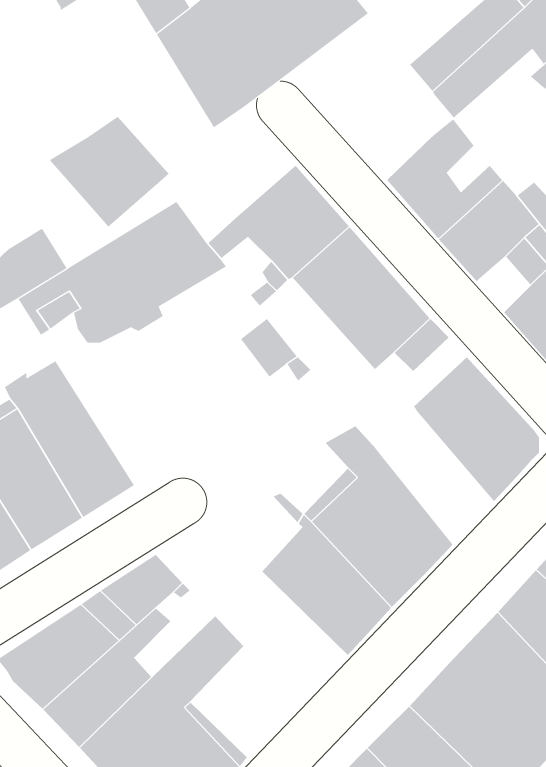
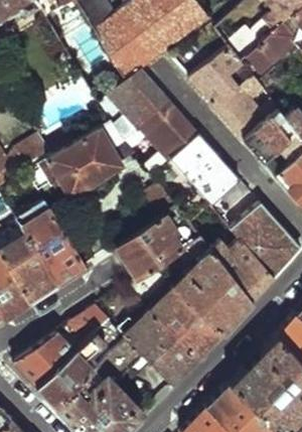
building: none -> [191,49,243,110]
building: [49,116,170,227] -> [107,71,170,130]
building: none -> [118,219,181,279]
building: none -> [212,232,274,301]
building: none -> [120,315,197,385]

